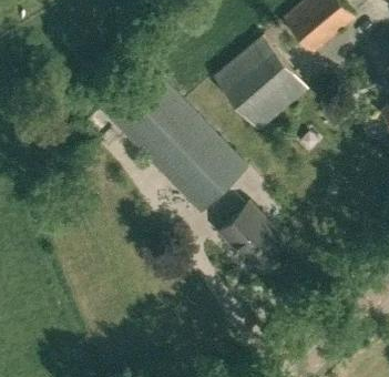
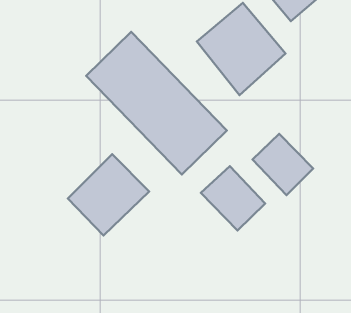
building: none -> [252,134,313,195]
building: none -> [68,154,149,236]

